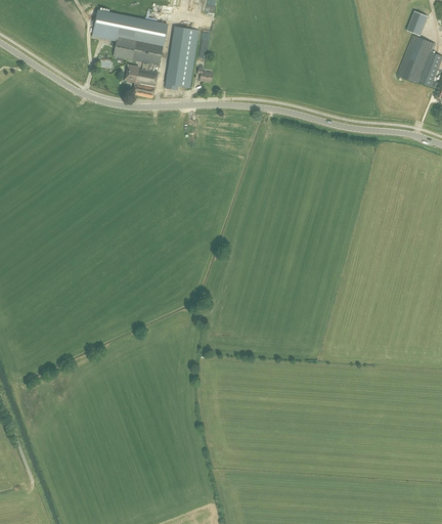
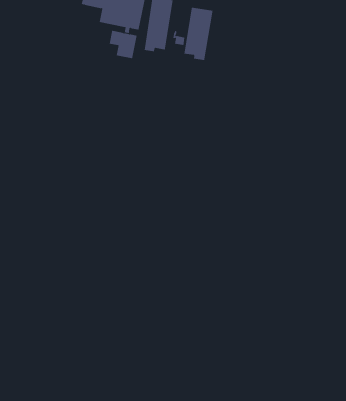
building: none -> [184,7,213,61]

